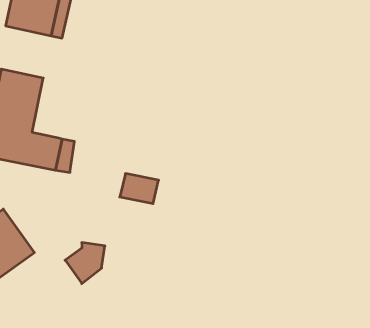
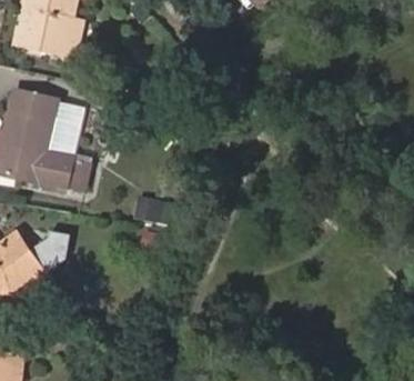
building: none -> [44,98,83,158]
building: [65,243,105,284] -> [30,231,70,272]

